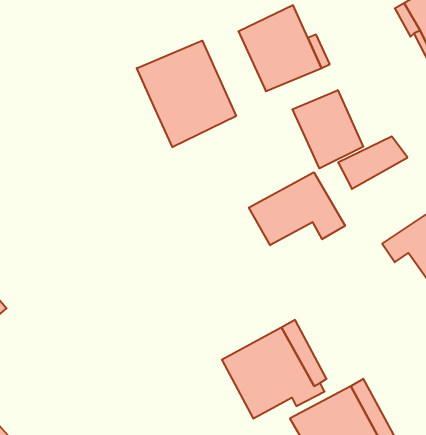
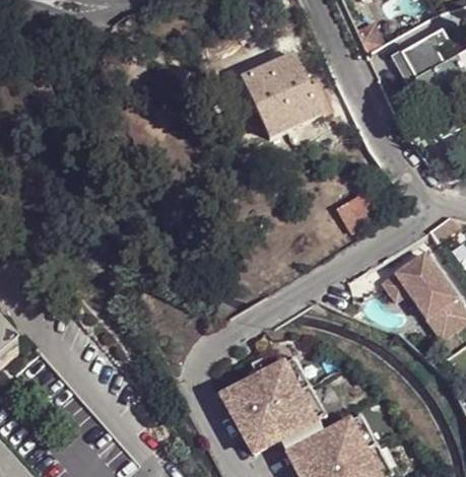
building: [137,41,236,147] -> none
building: [293,90,363,168] -> none
building: [249,172,345,245] -> none

